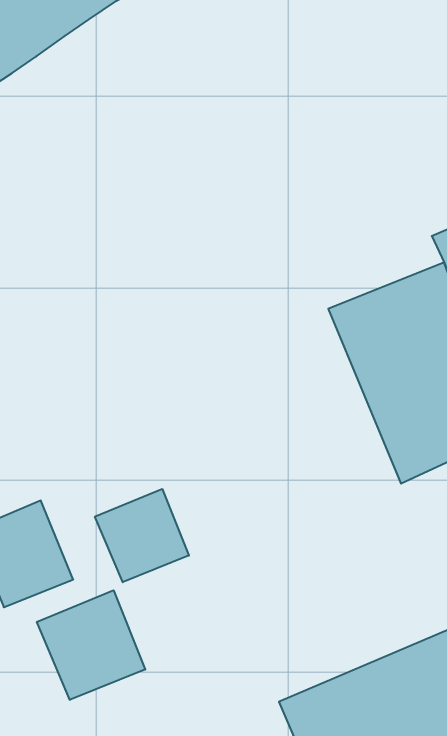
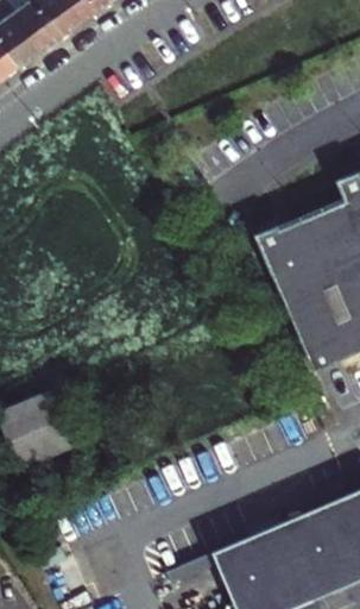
building: [95,489,189,582] -> none
building: [37,590,145,700] -> none

